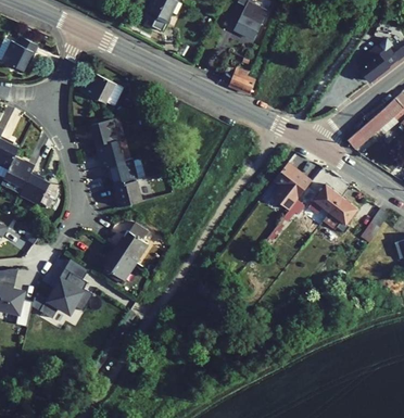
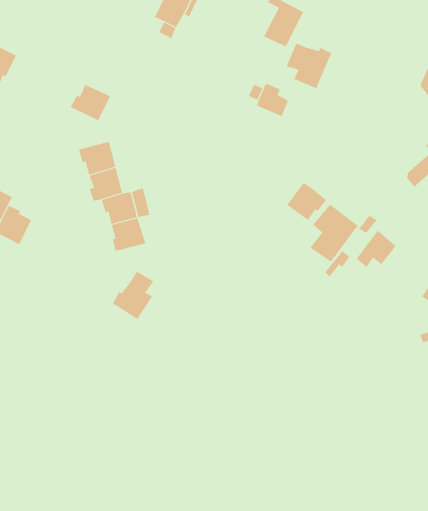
building: none -> [286,43,332,89]
building: none -> [286,182,327,221]
building: [323,198,357,233] -> none
building: [103,243,135,275] -> none
building: [39,274,93,320] -> none

